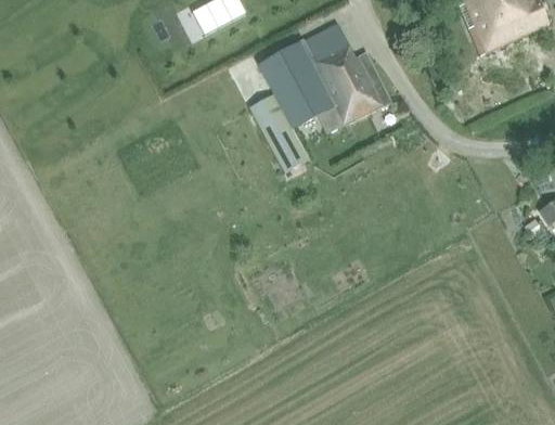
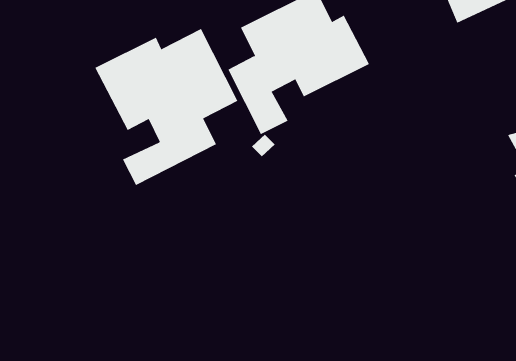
building: none -> [95,28,238,186]

